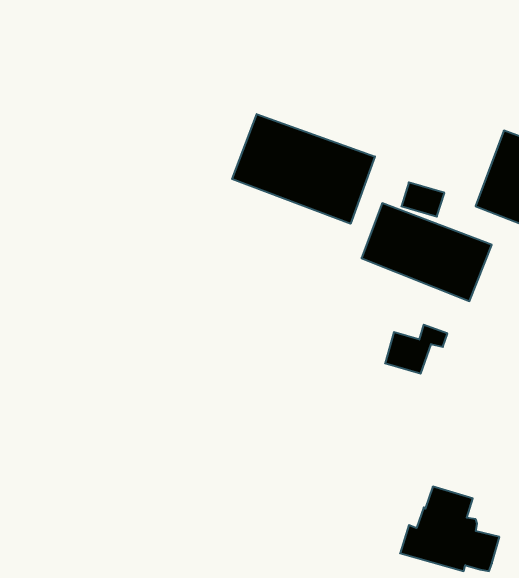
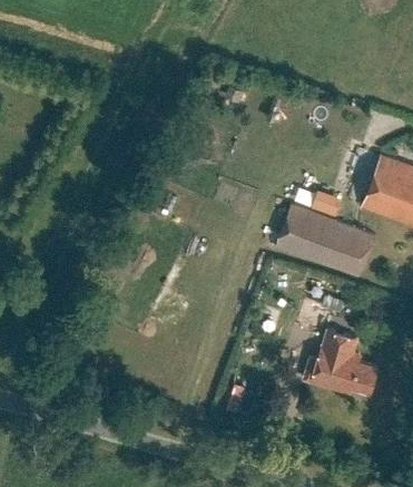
building: [232,114,375,224] -> none
building: [400,487,499,571] -> [303,328,377,391]

